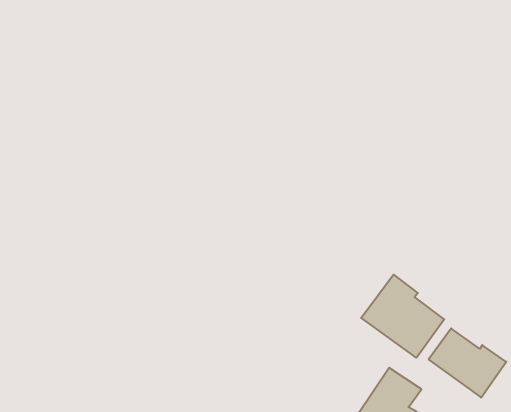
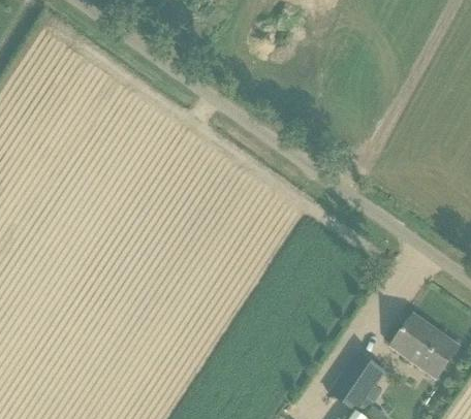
building: [361,275,444,358] -> none

